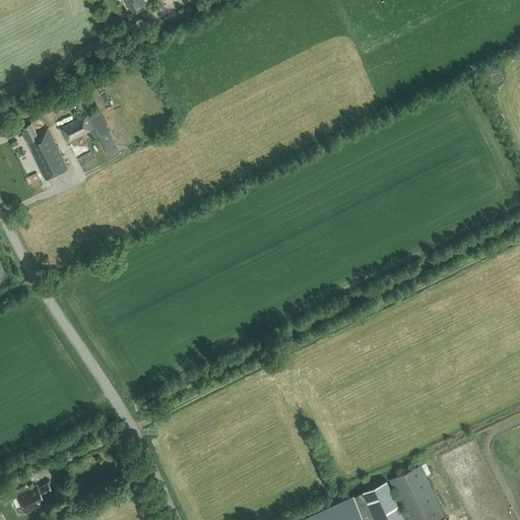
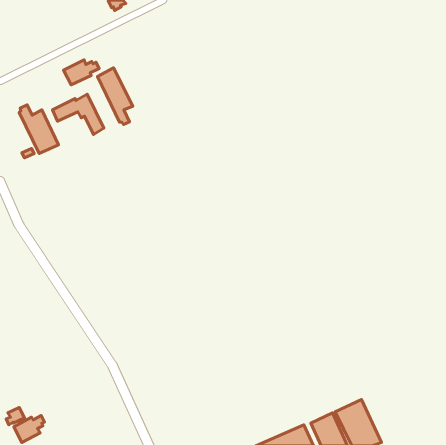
building: none -> [64,60,99,85]
building: none -> [97,68,133,125]

